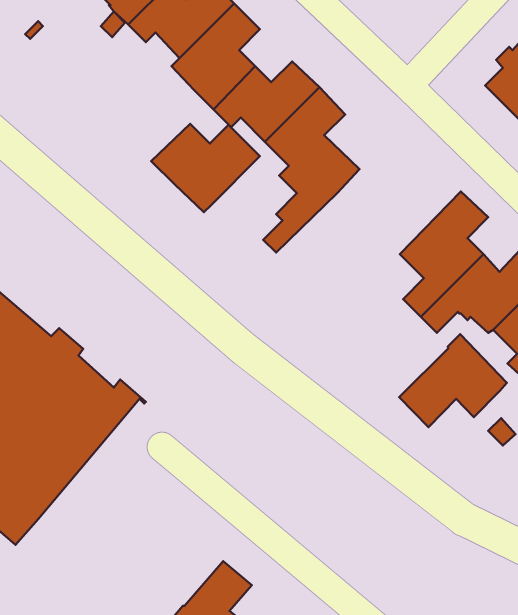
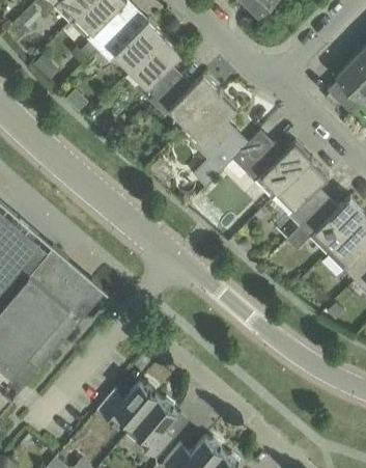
building: [151,124,260,212] -> none
building: none -> [232,130,312,199]
building: [399,334,507,427] -> none
building: none -> [97,381,159,426]

